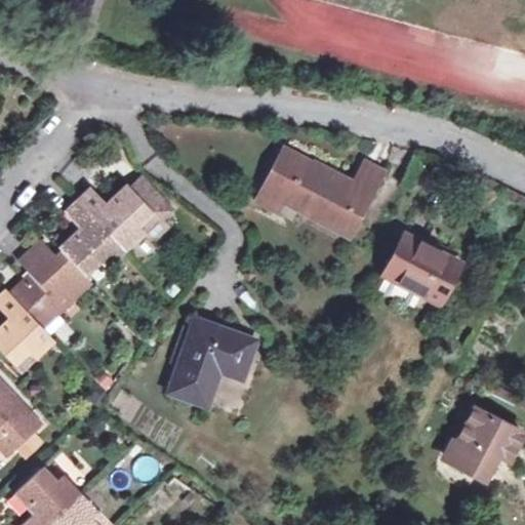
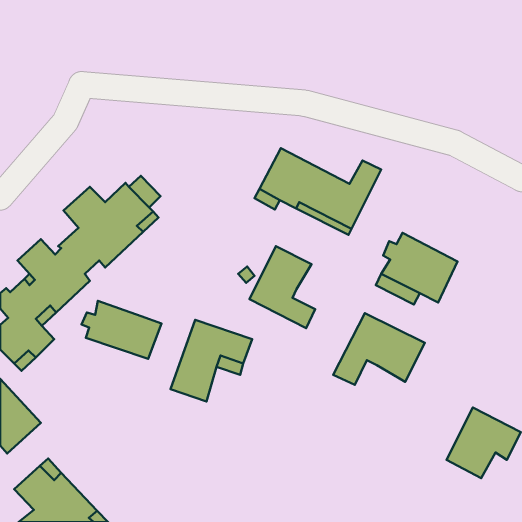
building: none -> [249,246,315,328]
building: none -> [81,301,162,359]
building: none -> [333,313,425,385]

